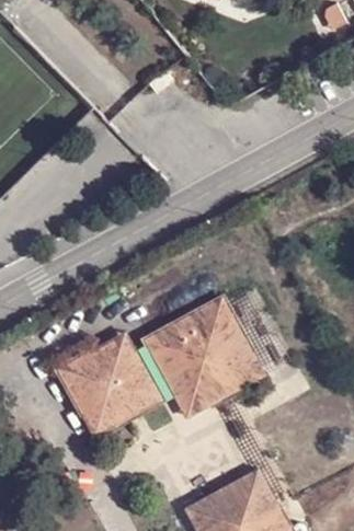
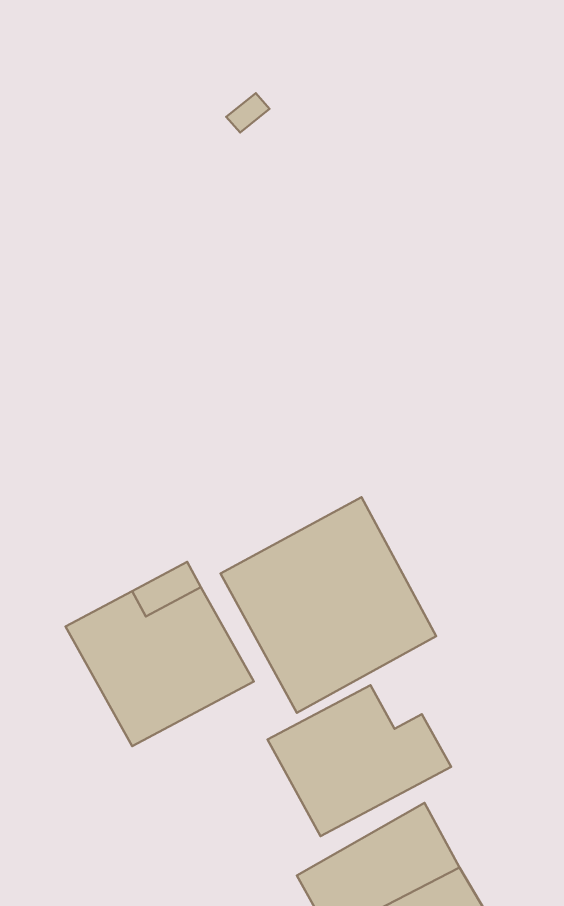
building: none -> [268,685,451,836]

